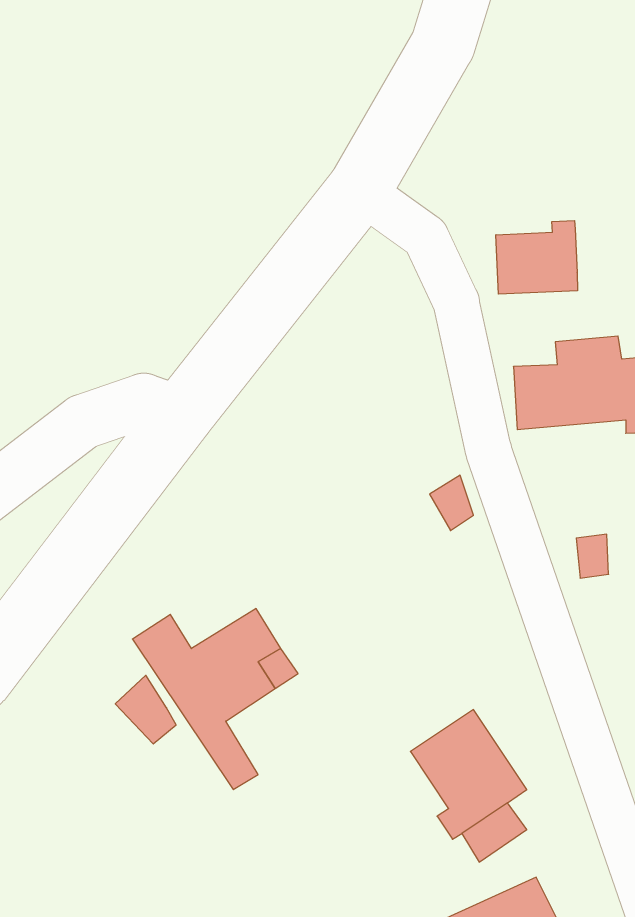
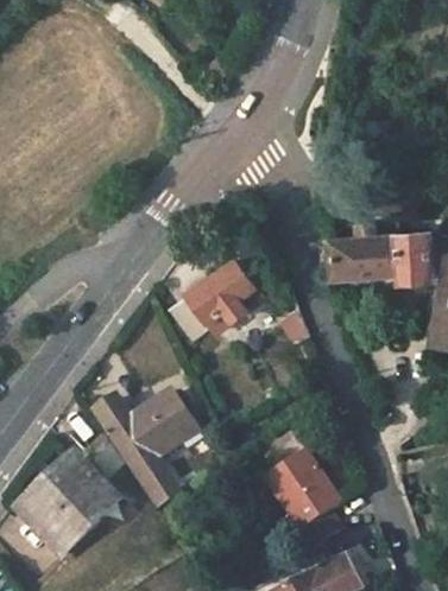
building: [496,221,577,294] -> none
building: none -> [168,261,263,342]
building: none -> [23,458,118,553]

